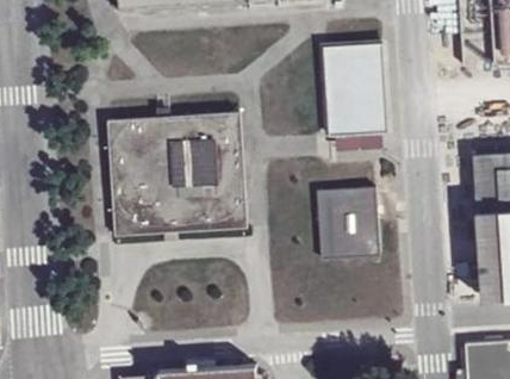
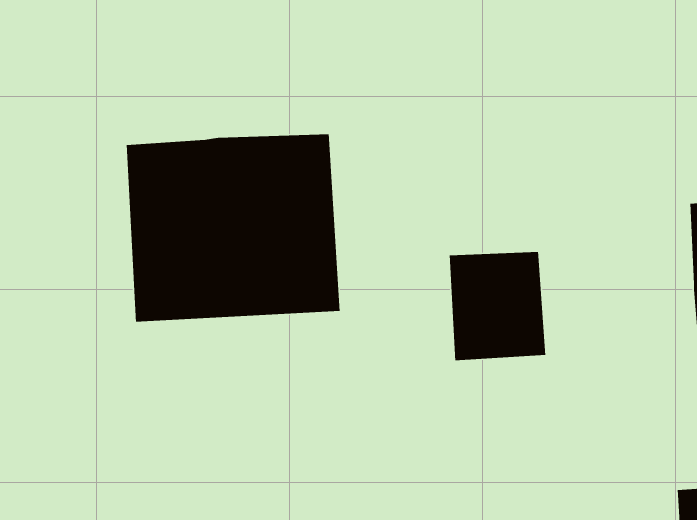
building: [322,44,387,137] -> none

